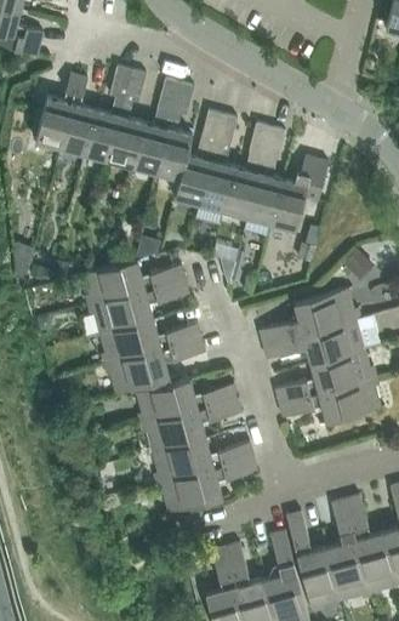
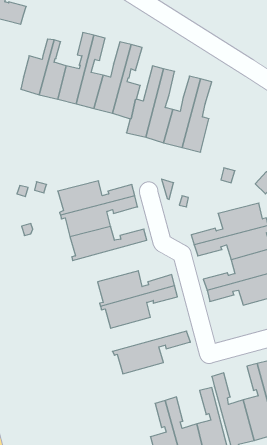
building: [270,156,327,229] -> none
building: [103,338,204,394] -> none
building: [153,439,252,484] -> none

